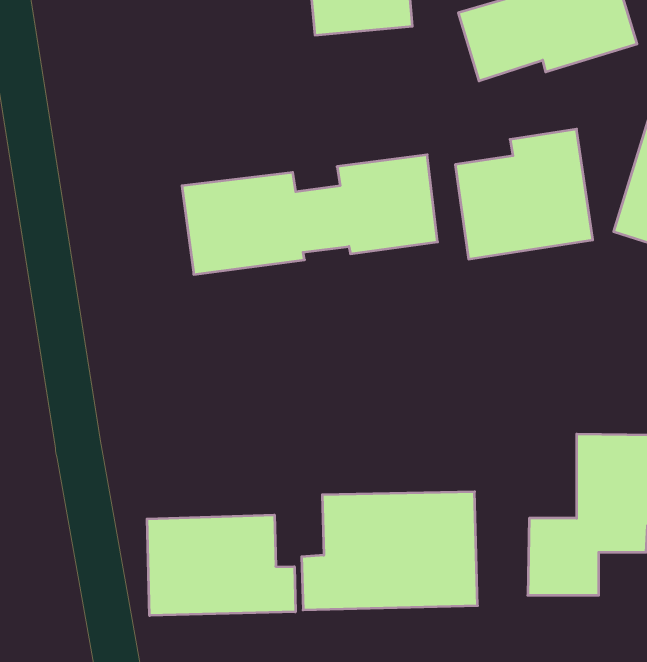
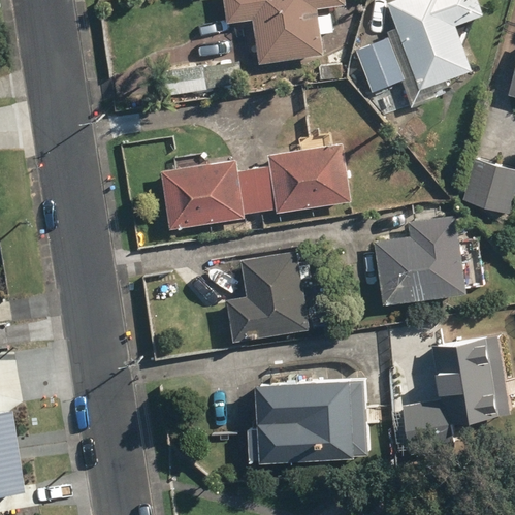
building: [455,129,593,259] -> [373,214,469,304]
building: none -> [228,250,310,340]
building: [147,515,295,616] -> none

